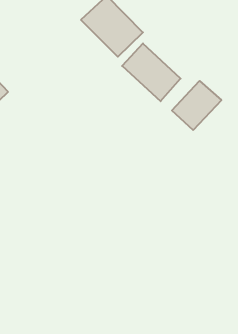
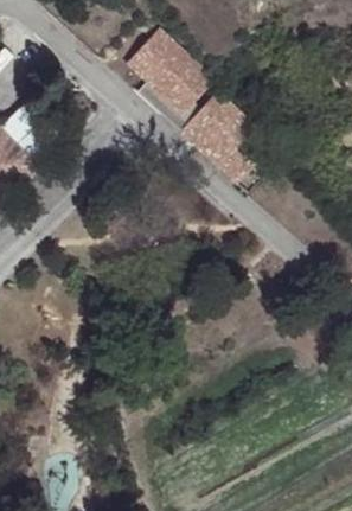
building: [172,81,221,130] -> none

